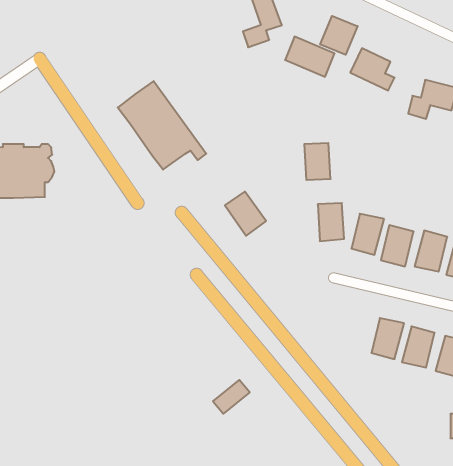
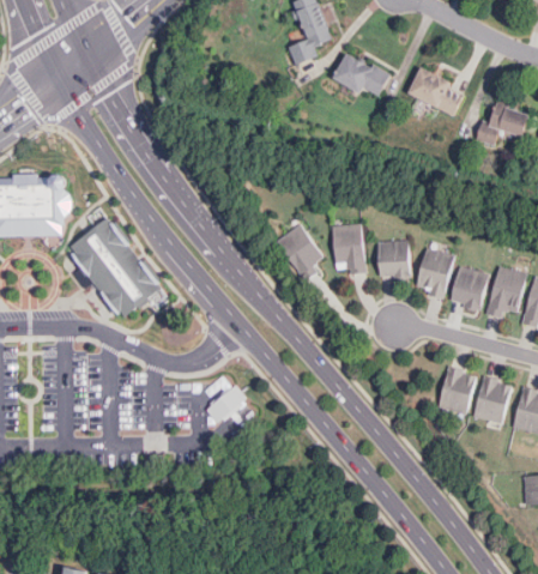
building: [320,16,358,55] -> none
building: [118,81,206,170] -> [68,217,169,318]
building: [304,143,331,180] -> [331,228,361,270]
building: [213,380,250,414] -> [211,386,253,424]

